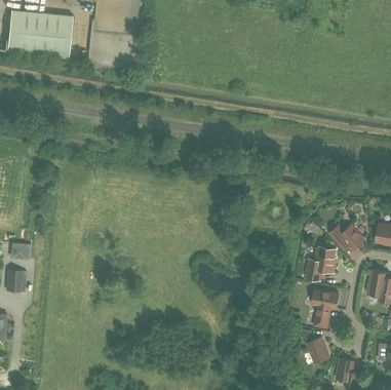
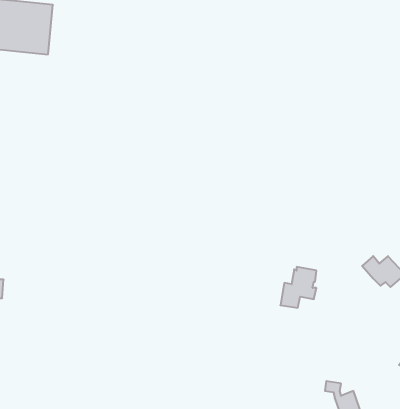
building: [305,245,335,279] -> [280,267,316,308]
building: [311,288,338,326] -> none

